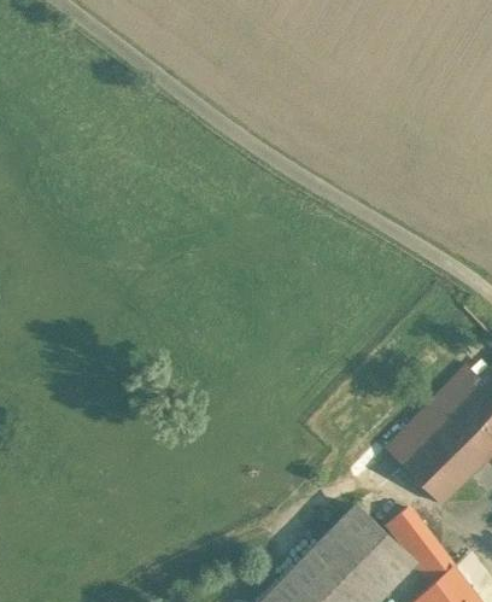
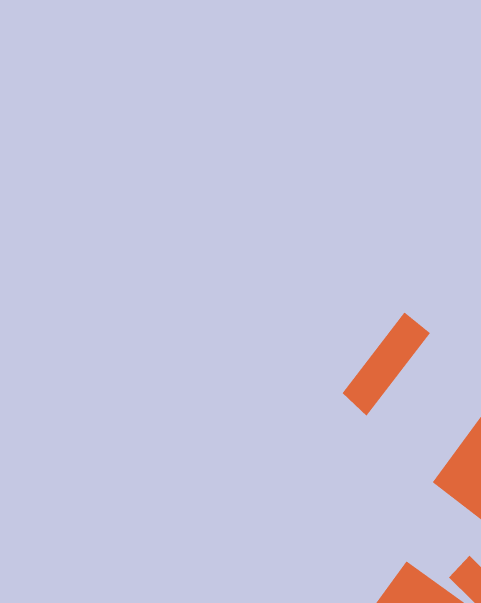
building: none -> [342,311,431,416]

